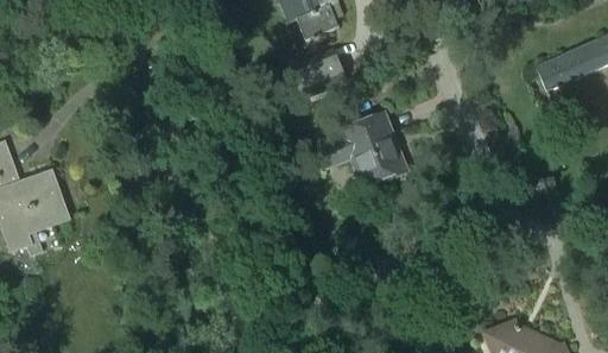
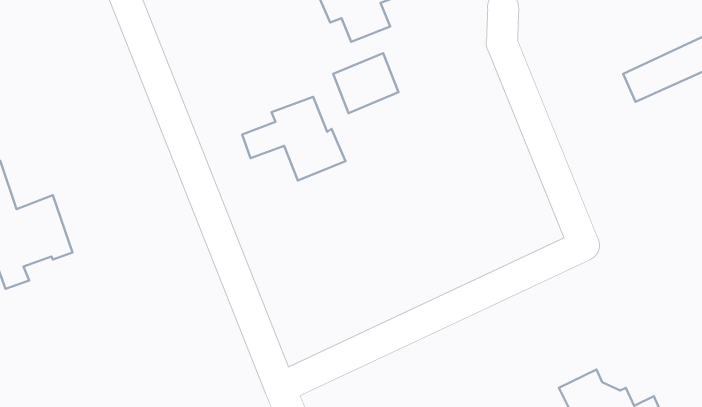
building: [319,115,407,187] -> [242,97,345,181]

